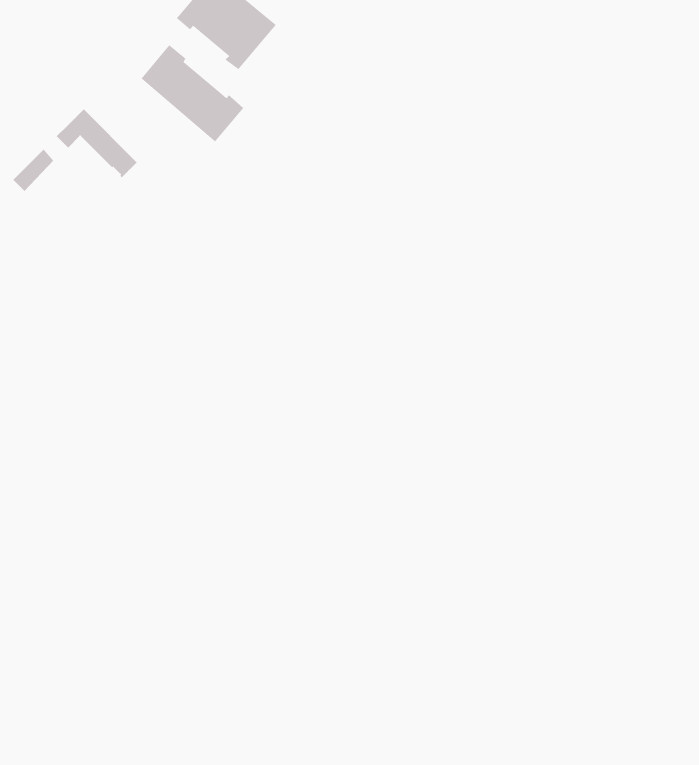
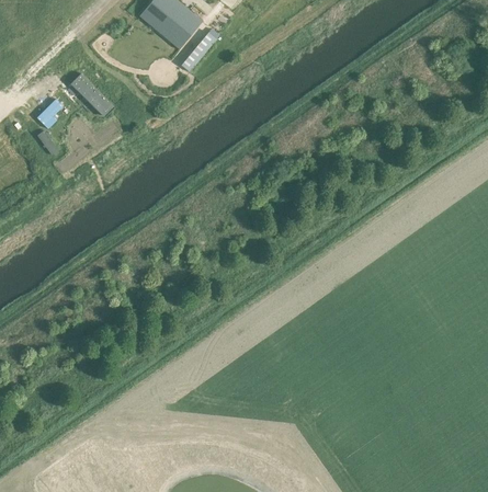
building: [140,44,244,142] -> none

